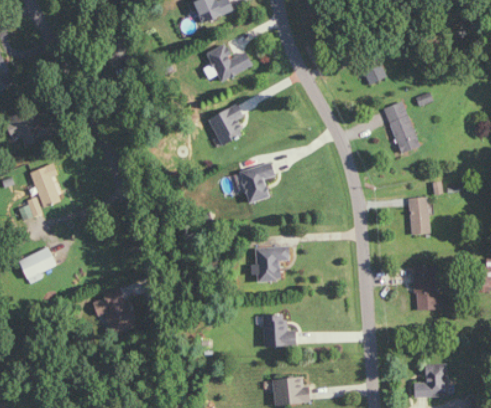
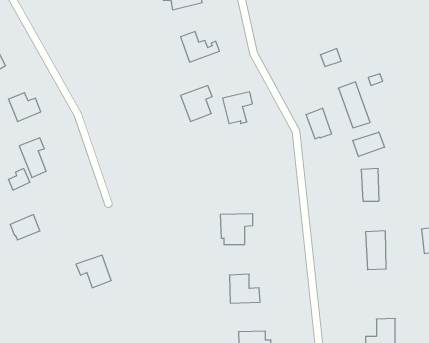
building: none -> [306,108,332,139]
building: none -> [353,132,385,157]
building: [241,163,274,198] -> [223,92,252,124]

